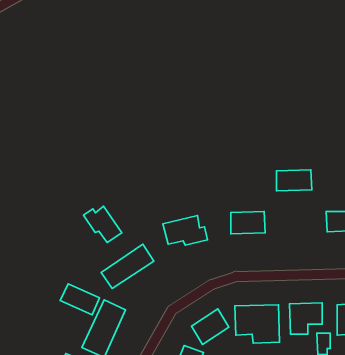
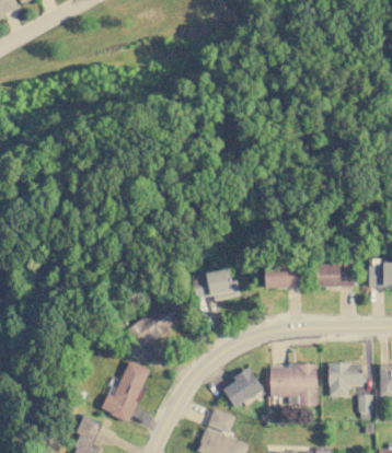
building: [276,170,312,191] -> [316,265,355,288]
building: [83,206,122,242] -> none
building: [60,284,99,315] -> none

